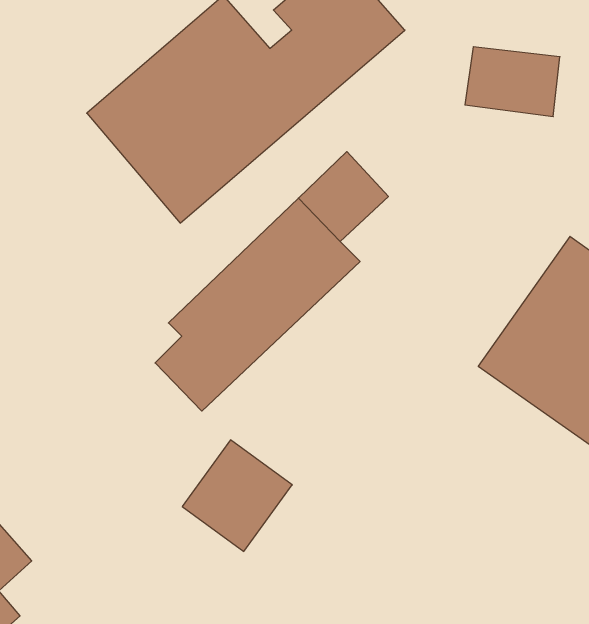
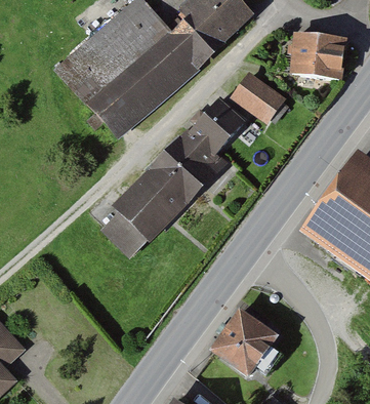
building: none -> [235,71,285,117]
building: [182,440,292,551] -> [209,311,277,379]

